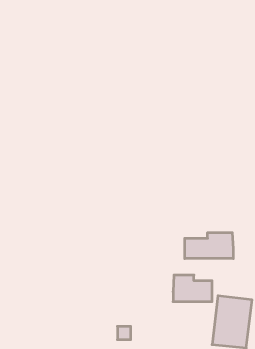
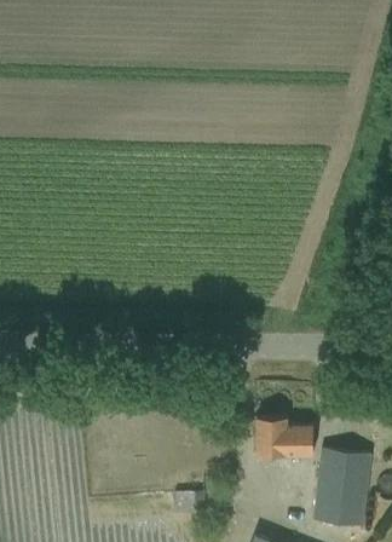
building: [185,233,233,259] -> none

